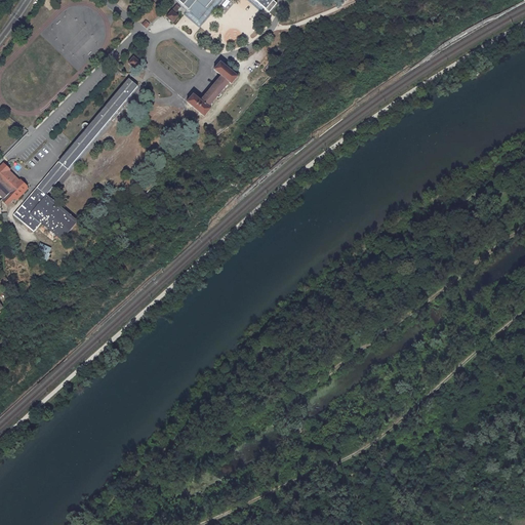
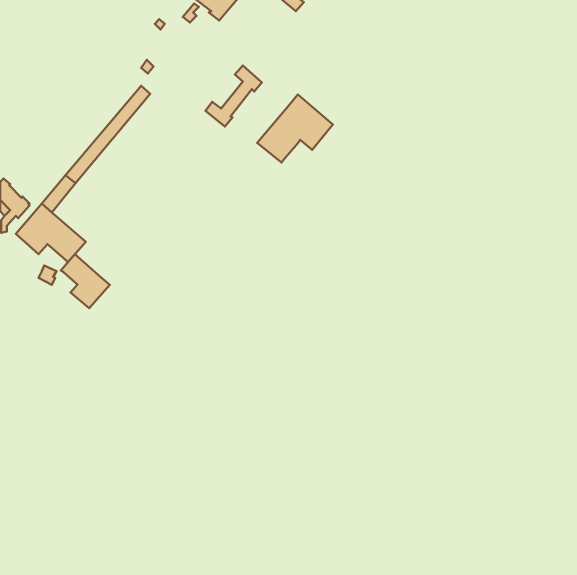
building: none -> [257,94,333,163]
building: none -> [61,254,110,308]

